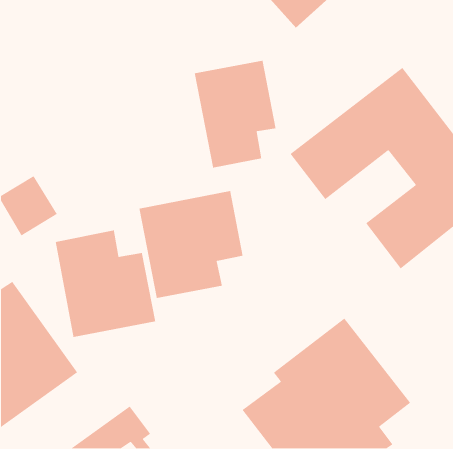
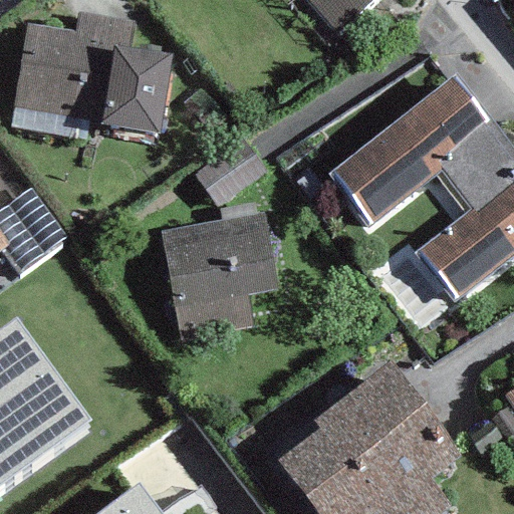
building: none -> [13,11,174,138]
building: [194,60,277,169] -> none
building: [55,230,156,338] -> none

